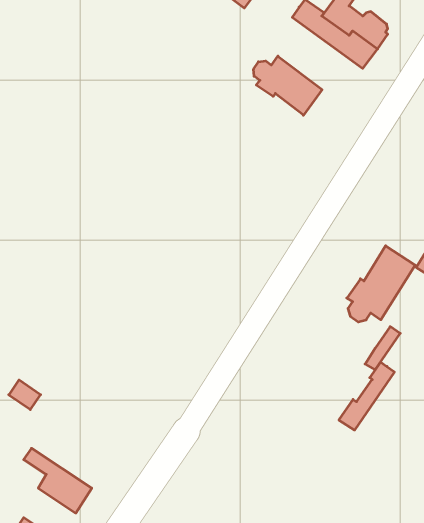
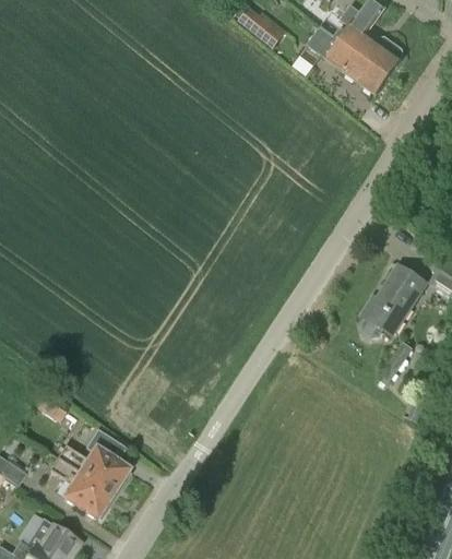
building: [254,56,322,115] -> none
building: [339,362,394,430] -> none
building: none -> [59,430,132,496]

